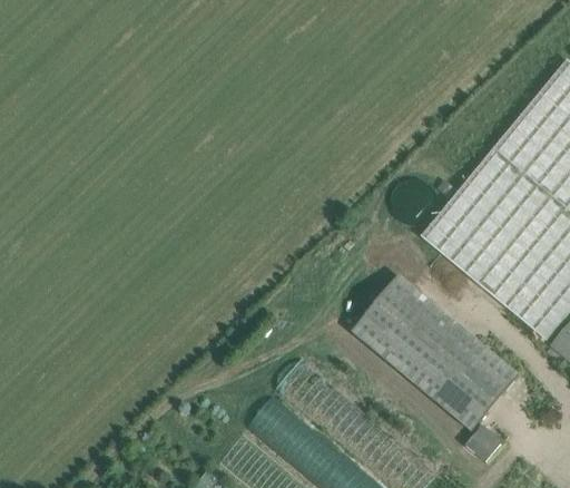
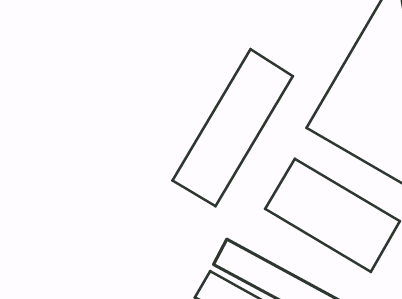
building: none -> [172,49,293,206]
building: [465,423,504,461] -> none

